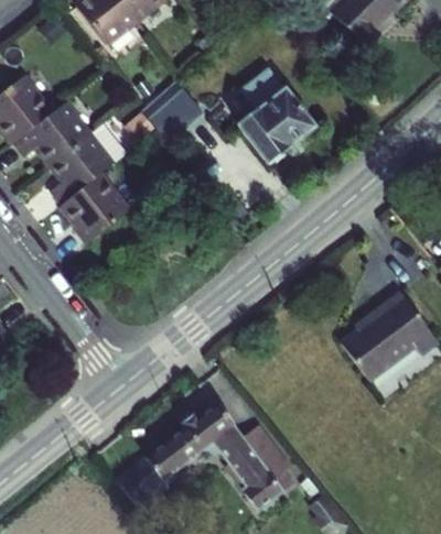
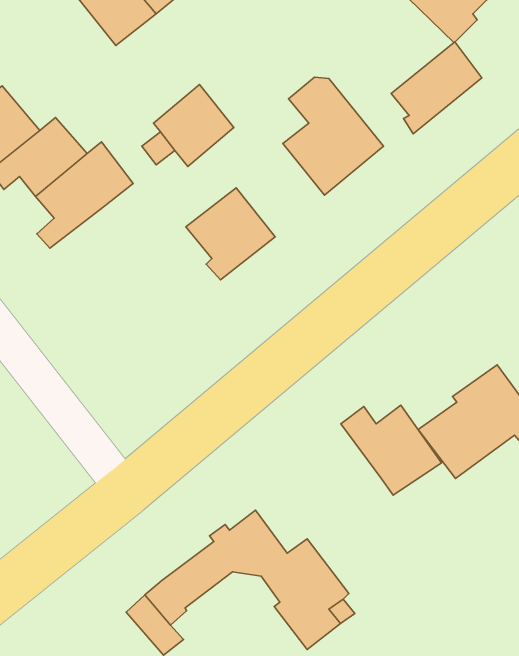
building: none -> [391,42,482,134]
building: [60,171,128,241] -> [186,188,275,280]
building: none -> [341,405,441,495]

